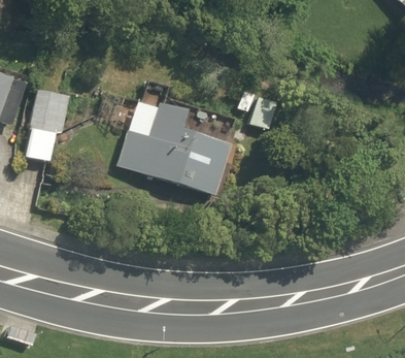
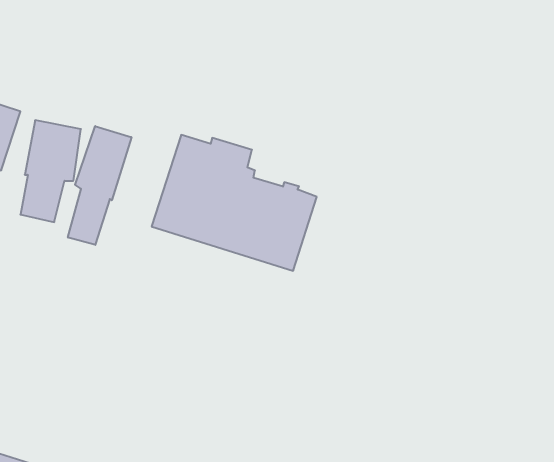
building: none -> [68,126,131,245]

